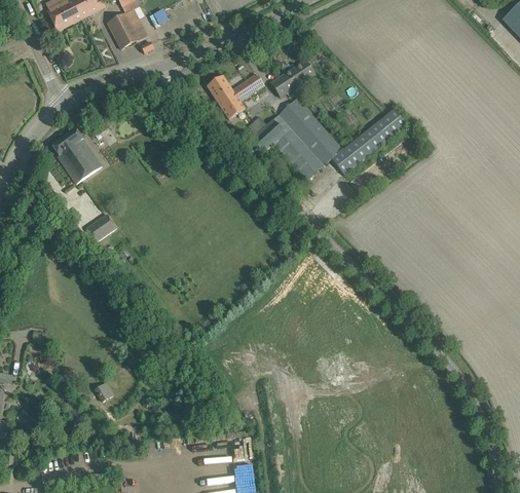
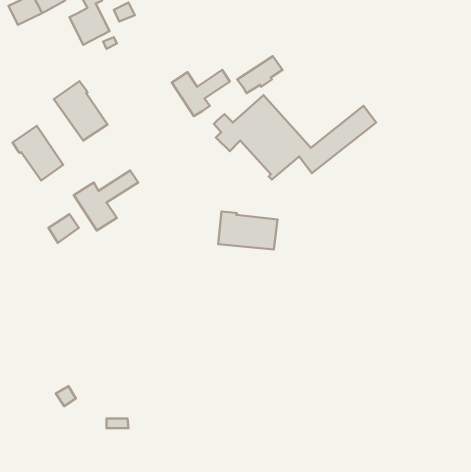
building: none -> [54,81,107,141]
building: none -> [74,170,138,231]
building: none -> [218,212,278,249]

